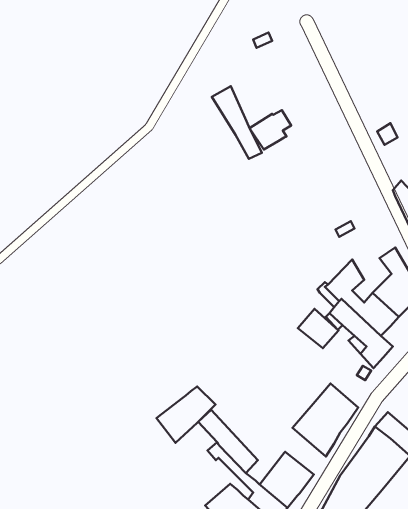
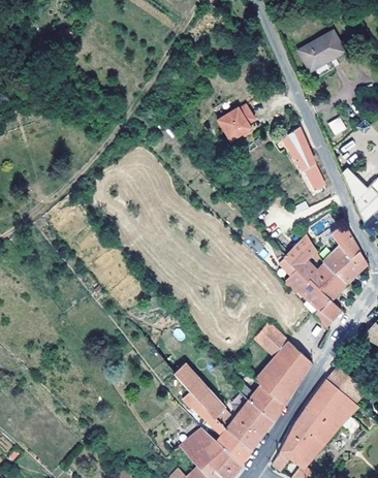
building: none -> [298,31,345,71]
building: [212,86,262,159] -> [282,128,325,191]
building: [298,309,338,348] -> [253,323,288,357]
building: [157,387,216,443] -> none
building: none -> [237,383,284,420]

